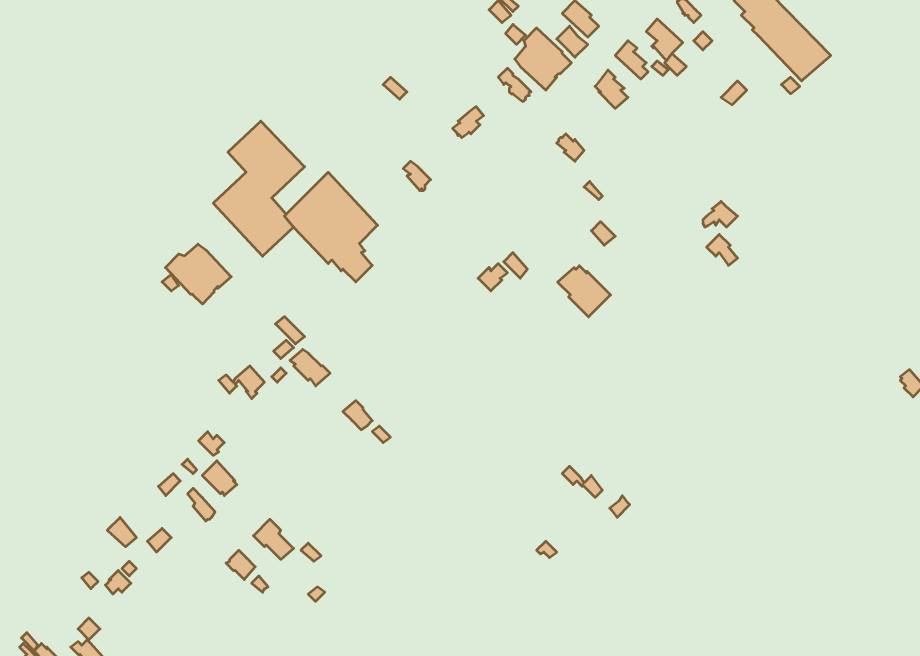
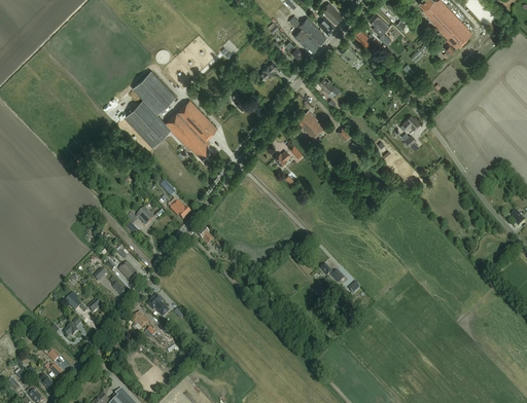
building: [165,244,231,304] -> none
building: [558,266,611,317] -> [295,110,325,139]

